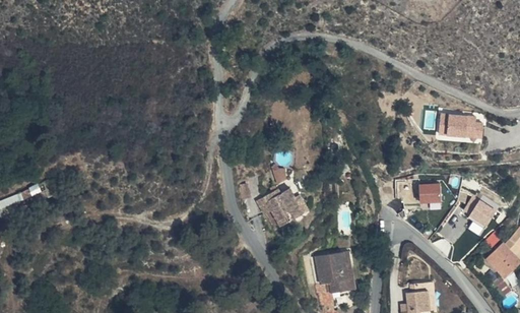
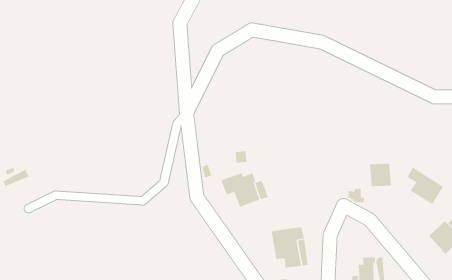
building: [437,114,481,136] -> none

